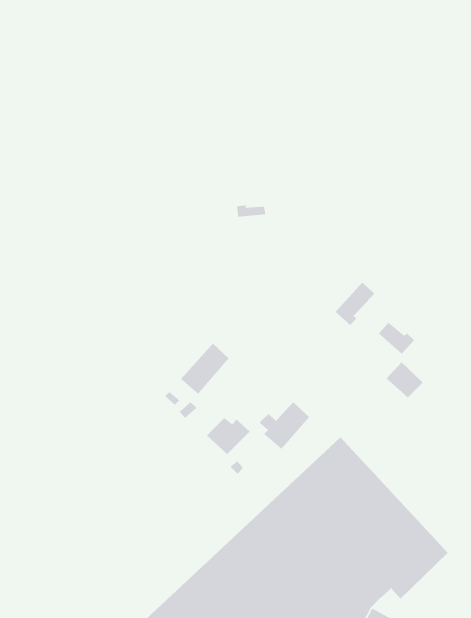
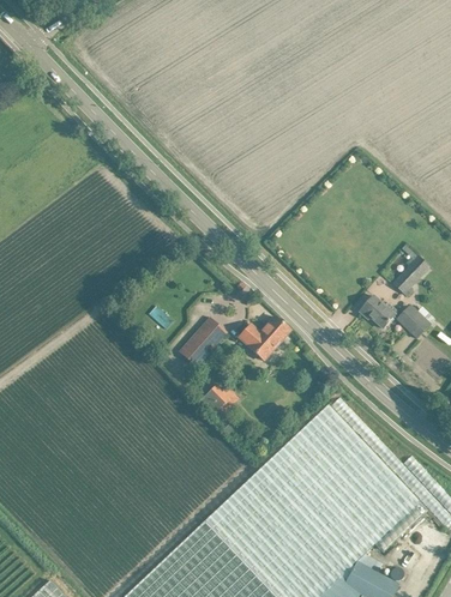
building: [335,282,375,326] -> [392,257,429,297]
building: [386,362,424,398] -> [396,304,431,338]
building: [259,401,310,450] -> [242,316,289,361]

